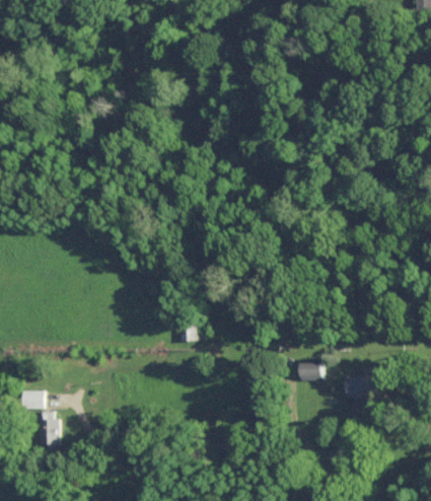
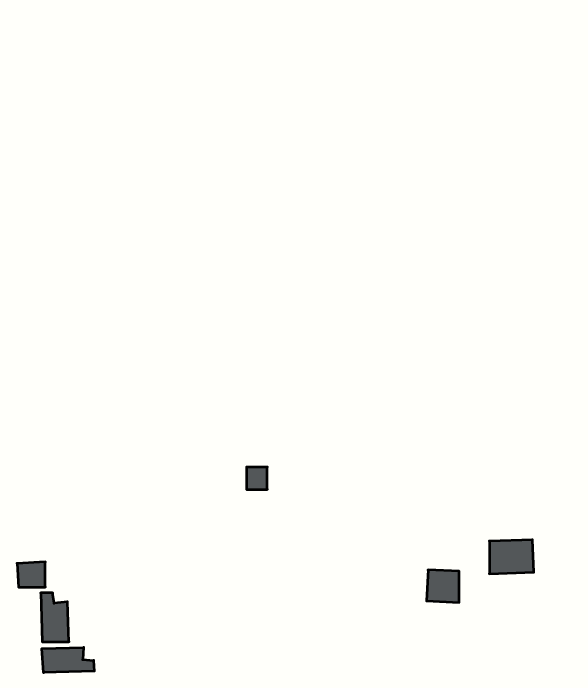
building: [302,358,325,380] -> [427,570,459,602]
building: none -> [42,647,94,673]

